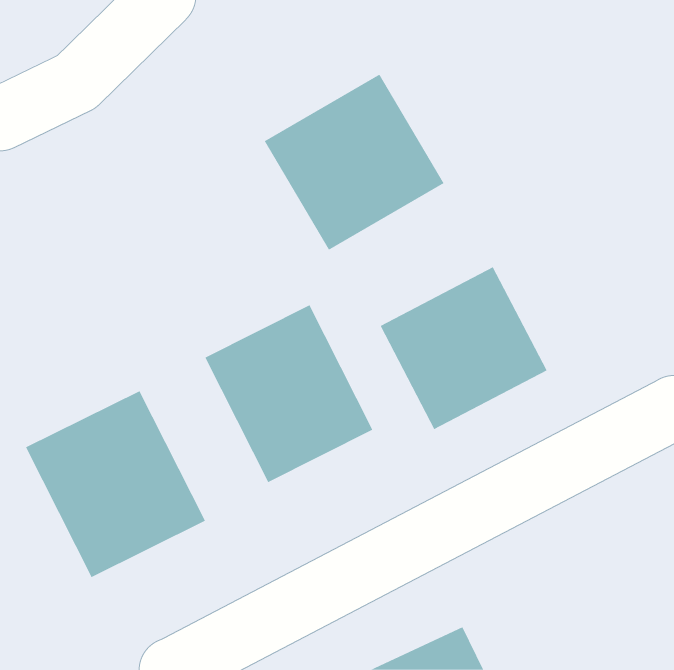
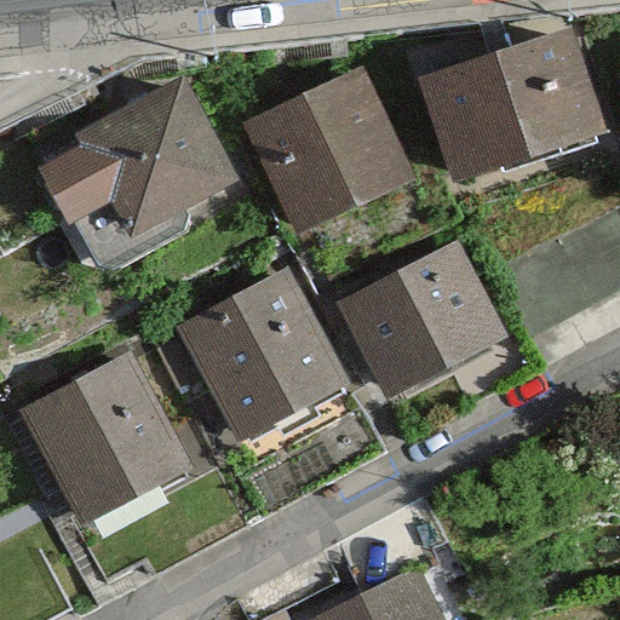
building: none -> [421,23,598,177]
building: none -> [34,75,234,257]

